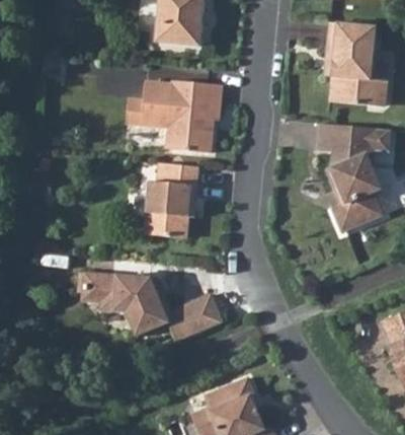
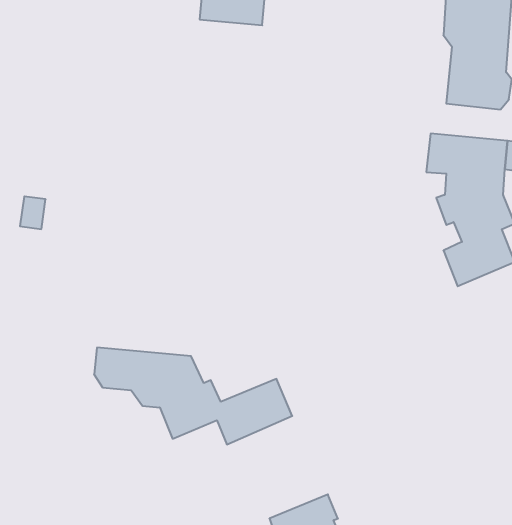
building: [127,79,222,151] -> none
building: [145,162,199,238] -> none

